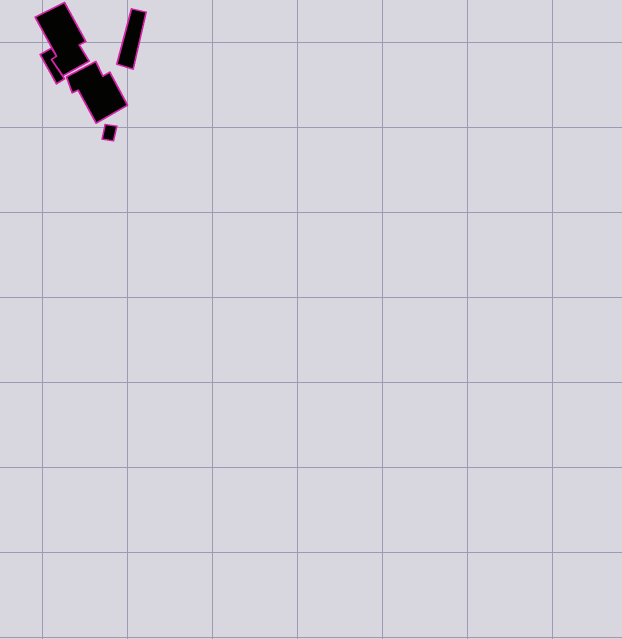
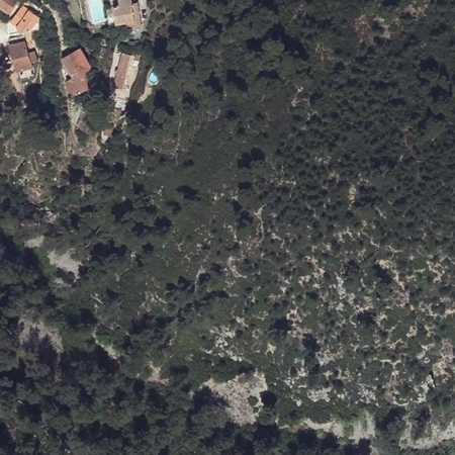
building: [67,61,128,123] -> none

